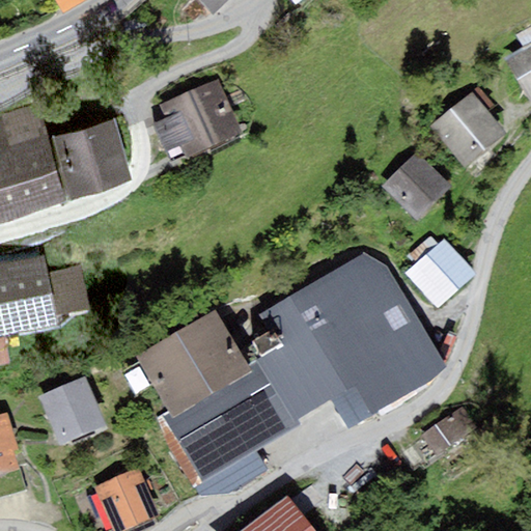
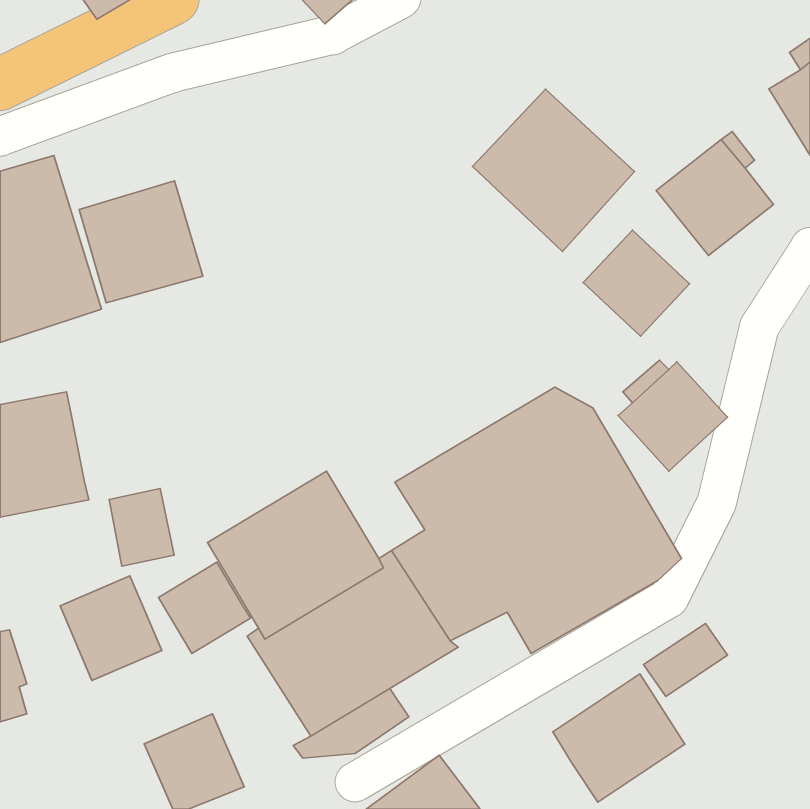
building: none -> [473,89,634,252]
building: [152,78,243,159] -> none
building: [47,263,89,314] -> [109,489,174,566]
building: none -> [158,562,251,653]
building: none -> [553,674,685,802]

